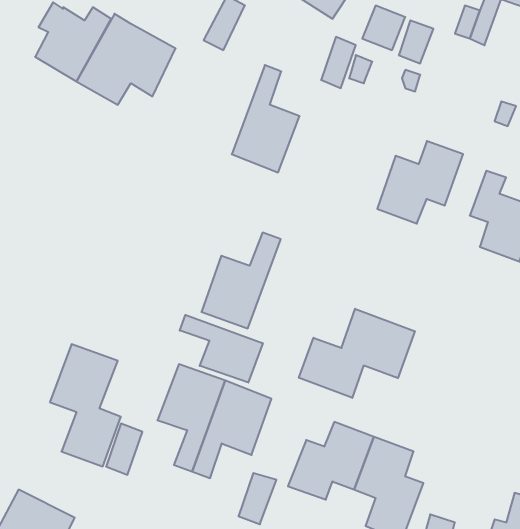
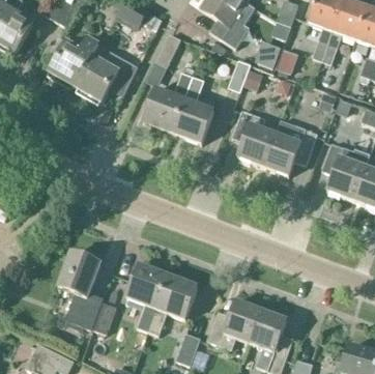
building: none -> [232,109,275,166]
building: [201,233,281,328] -> [143,71,193,132]
building: [299,309,415,398] -> none
building: [180,315,263,383] -> none

